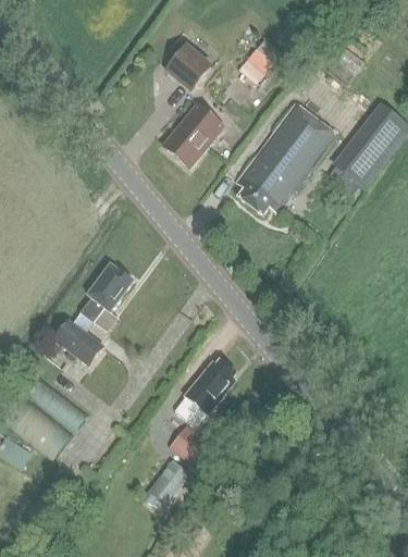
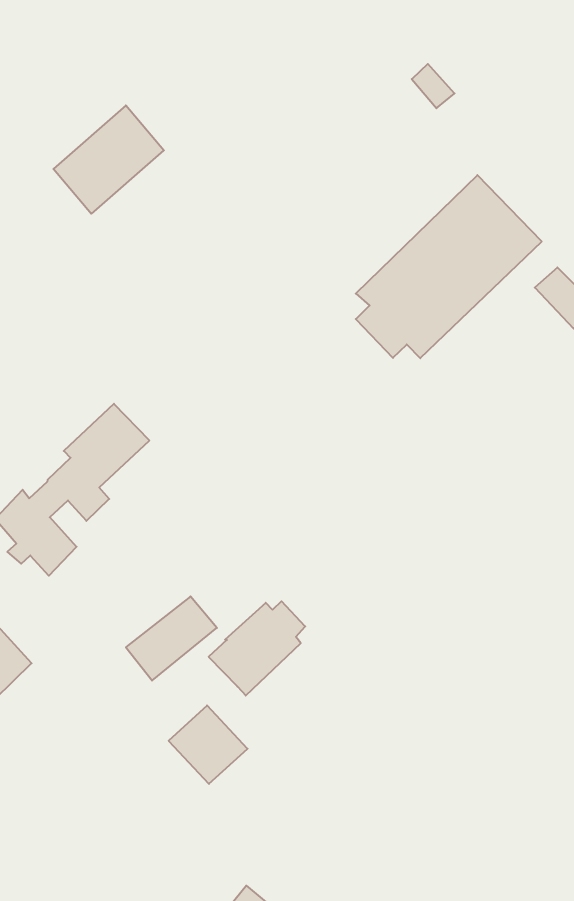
building: [164,42,213,91] -> none
building: [163,103,223,166] -> [53,105,164,214]
building: [144,457,193,507] -> [126,596,217,681]

